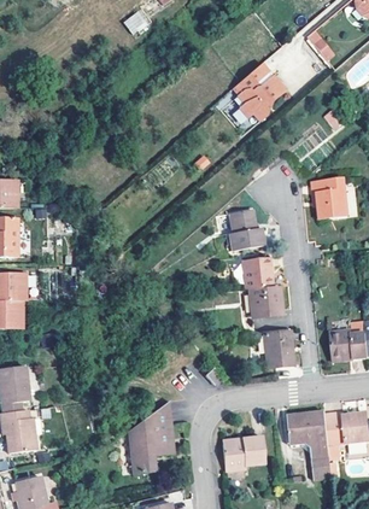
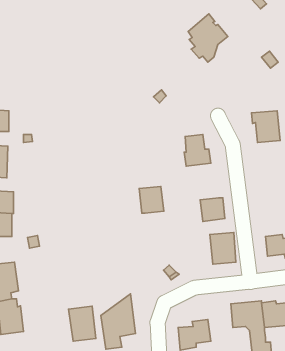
building: [242,256,273,288] -> [139,186,164,213]
building: none -> [69,306,96,341]

